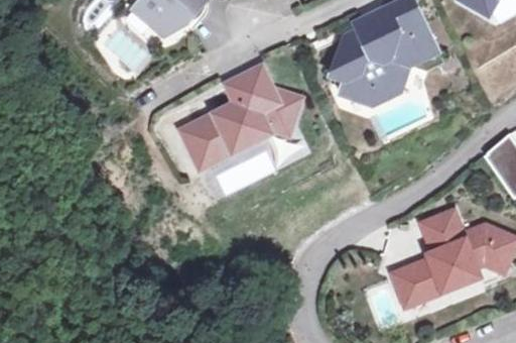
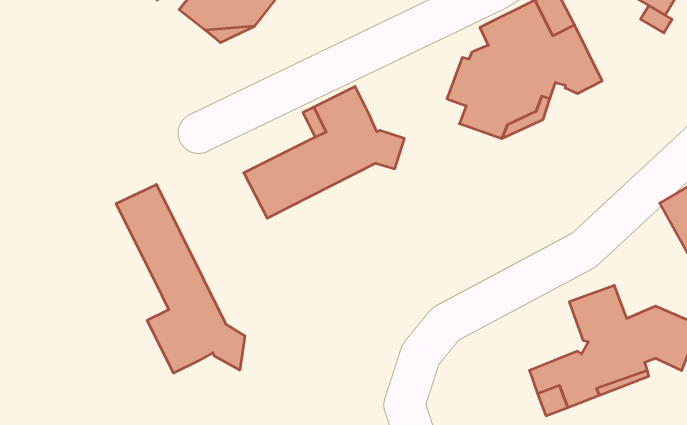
building: [198,85,304,166] -> none
building: none -> [116,184,245,373]

